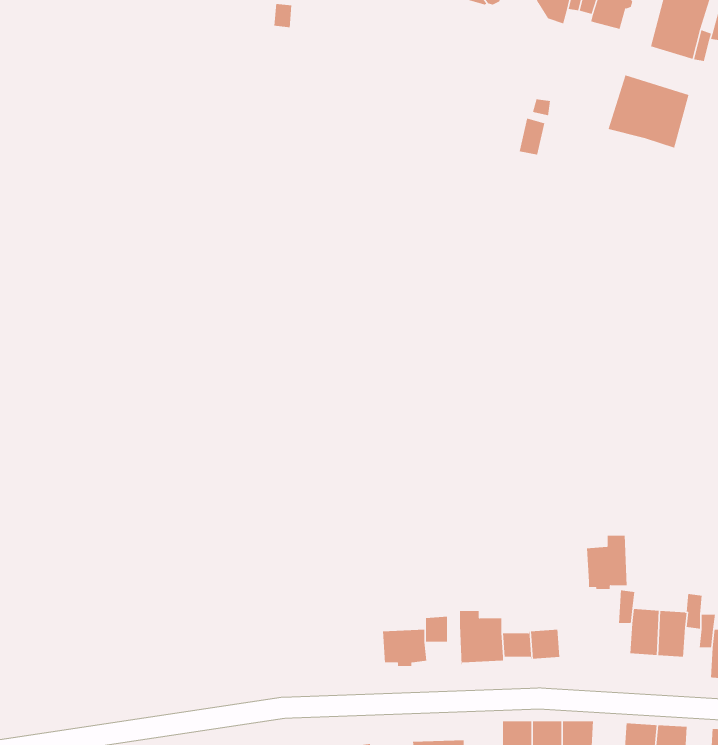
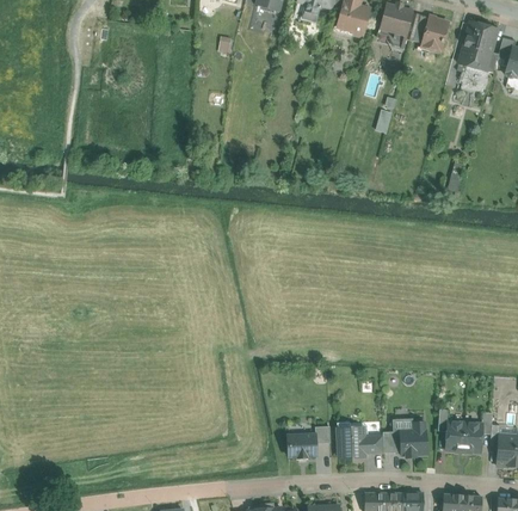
building: [608,74,689,149] -> none
building: [586,535,627,589] -> [400,423,426,457]

